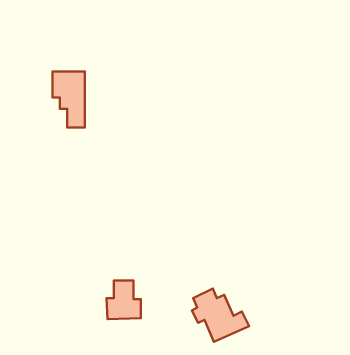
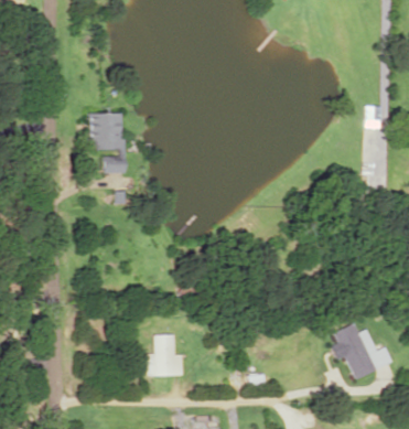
building: [192,289,249,342] -> [332,323,392,379]

